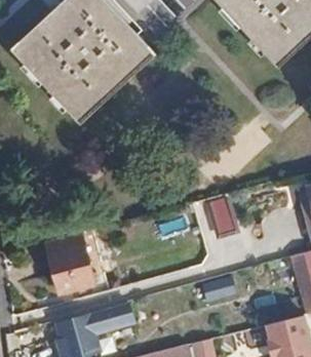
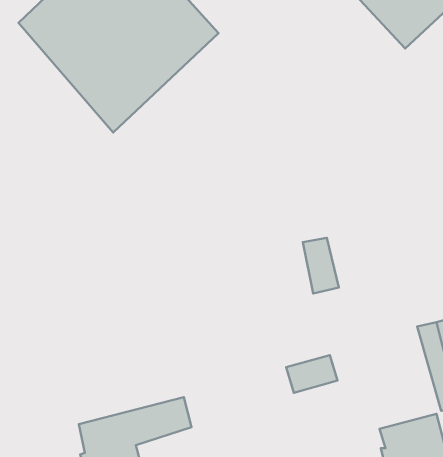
building: [47,236,95,293] -> none

